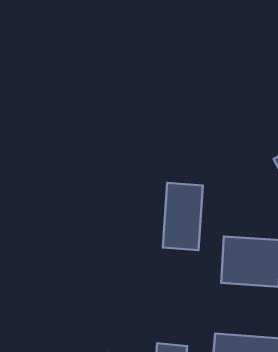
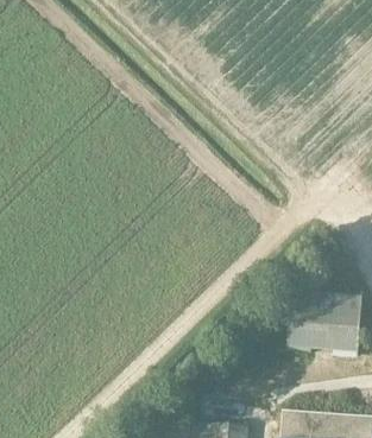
building: [163,183,203,250] -> none

